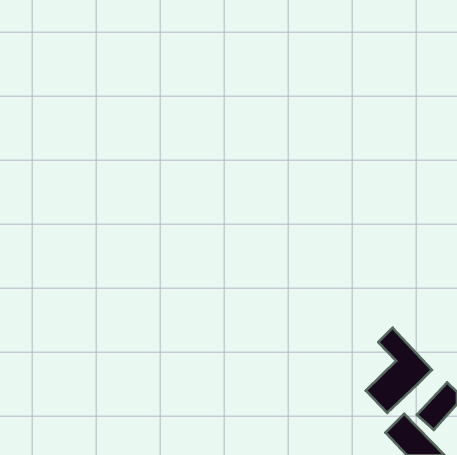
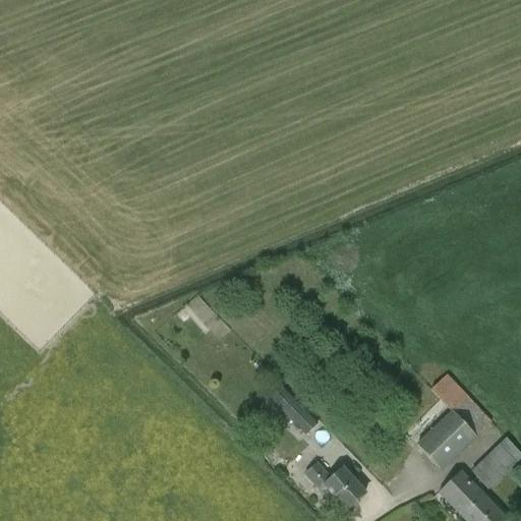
building: none -> [278,393,316,431]
building: none -> [304,461,364,508]

